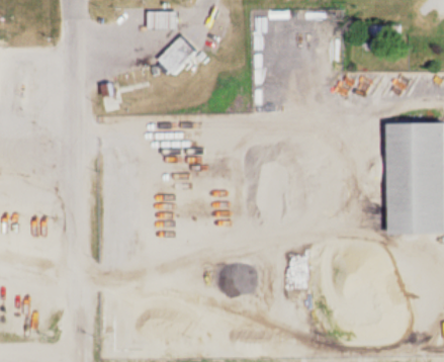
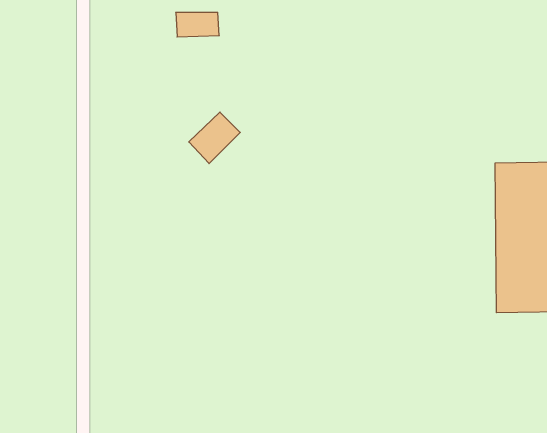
building: [158,35,196,74] -> [189,112,240,164]

